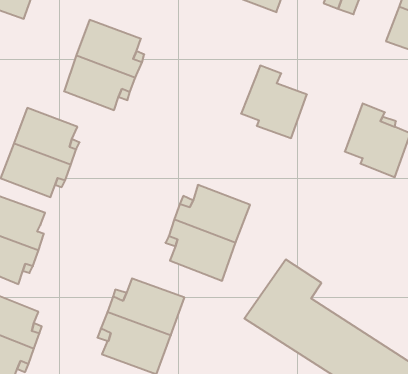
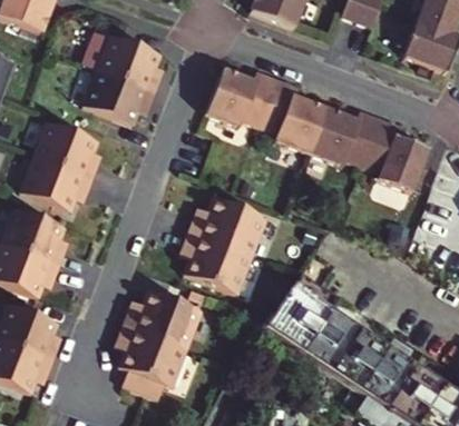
building: none -> [204,69,277,127]
building: none -> [309,108,380,165]

